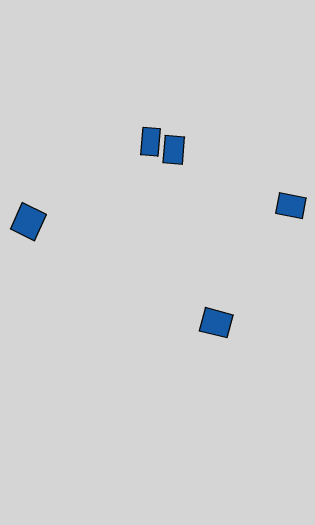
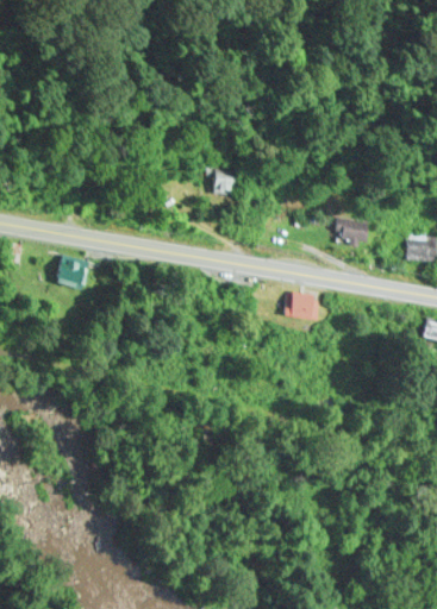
building: [141,127,160,156] -> none
building: [199,307,233,338] -> [281,290,317,321]

